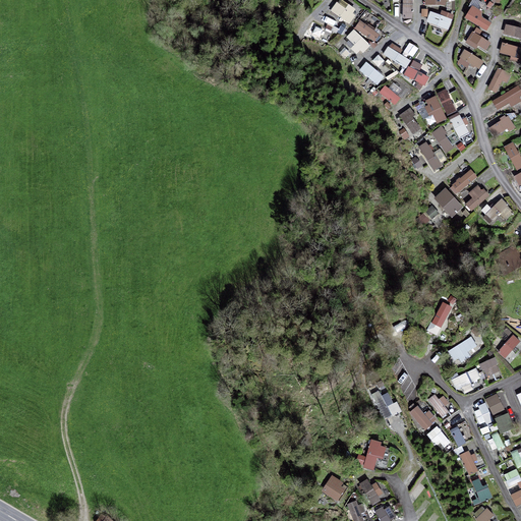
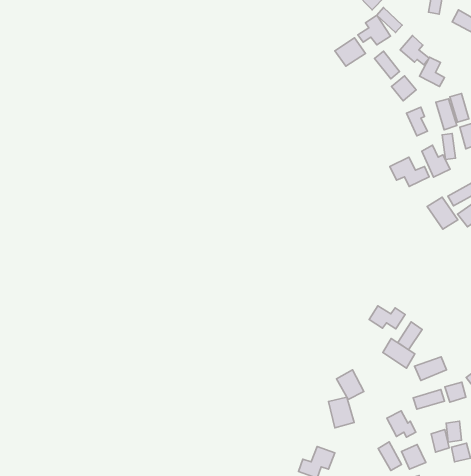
building: none -> [335,38,365,66]
building: none -> [390,157,429,186]
building: none -> [369,306,405,329]
building: none -> [383,338,415,368]
building: [409,402,437,430] -> [336,370,364,400]

